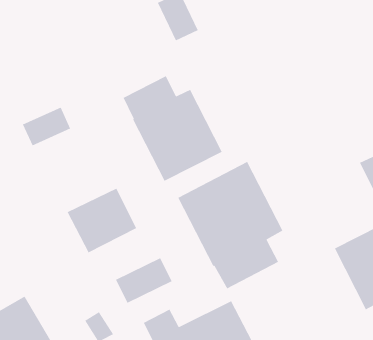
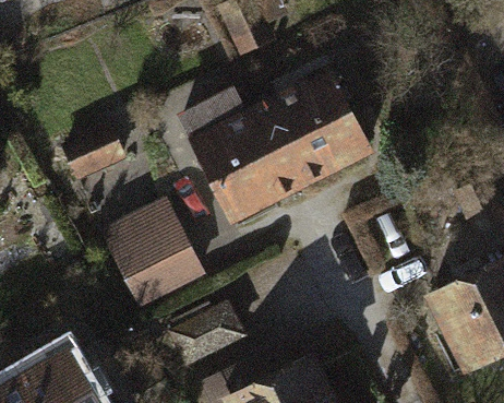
building: none -> [262,71,368,180]
building: [177,161,284,289] -> none

